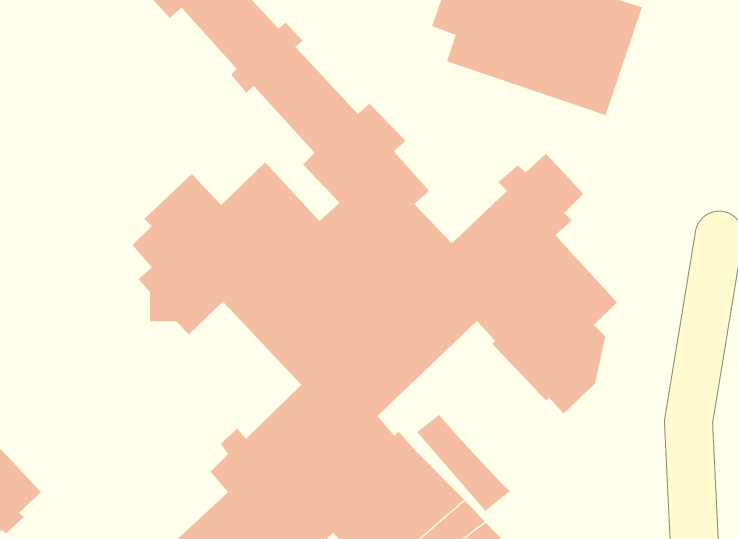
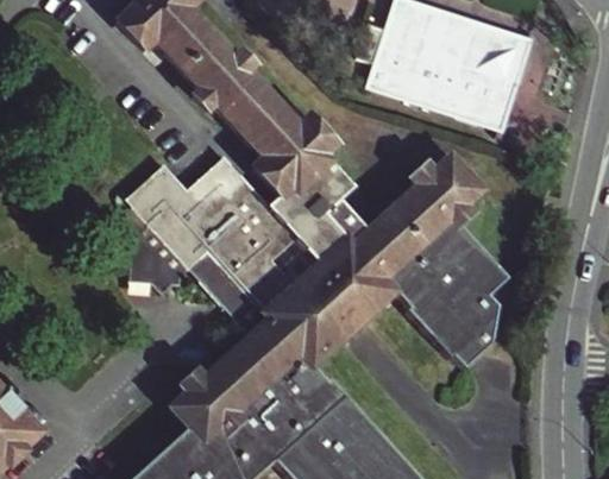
building: [416,414,511,512] -> none

